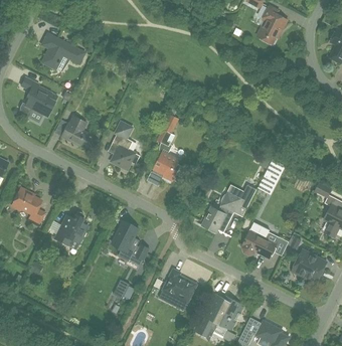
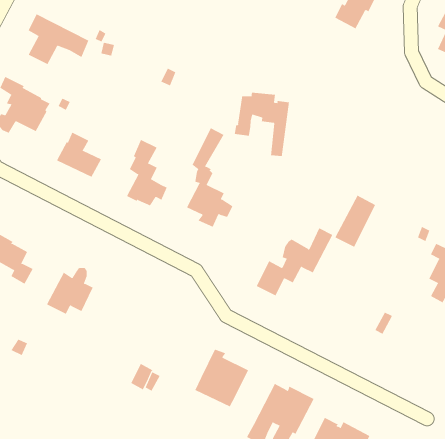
building: none -> [234,92,289,157]
building: [111,220,148,265] -> none
building: [242,221,275,257] -> none
building: [291,248,326,283] -> none

